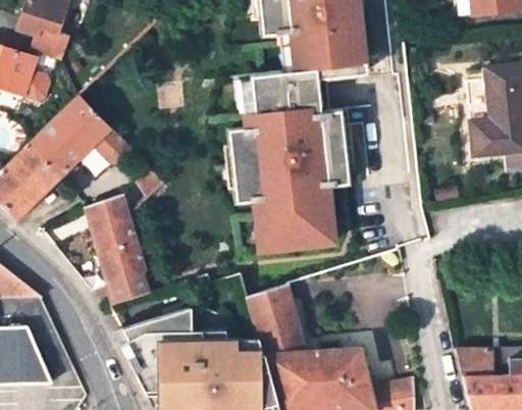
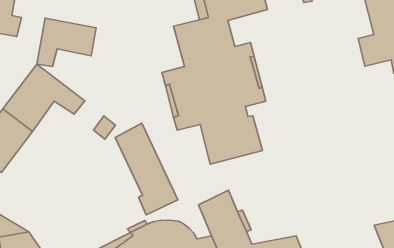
building: none -> [37,18,96,67]
building: [88,196,152,307] -> [115,123,178,215]

